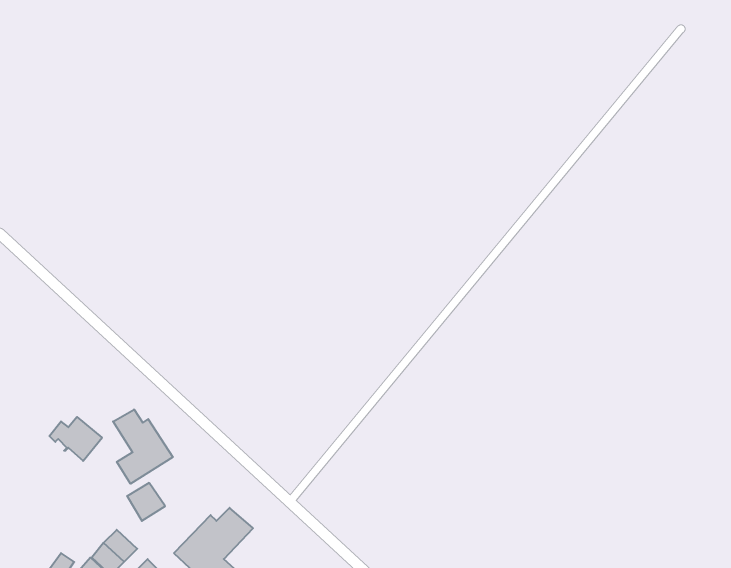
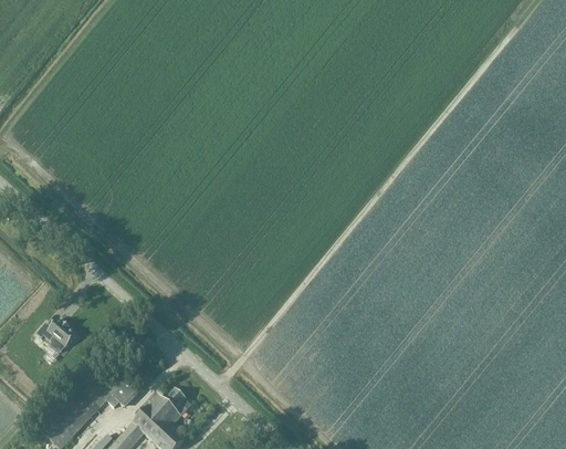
building: [113,409,173,484] -> none

